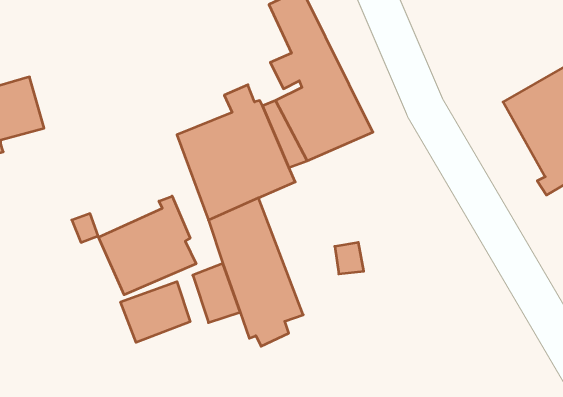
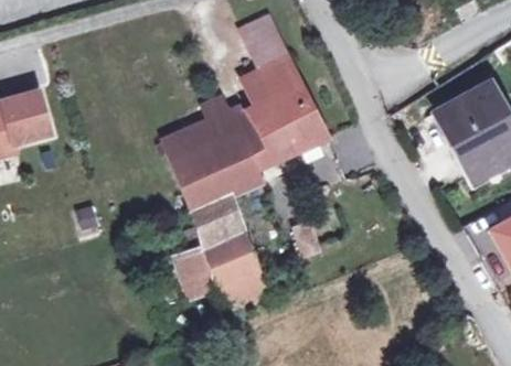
building: [99,196,196,295] -> none
building: [121,282,190,342] -> none

